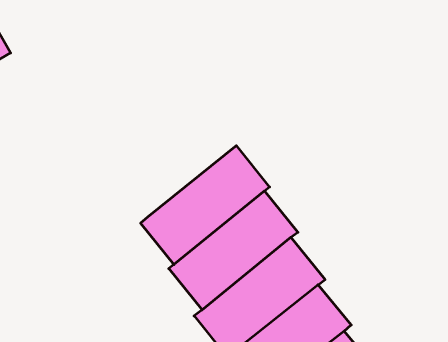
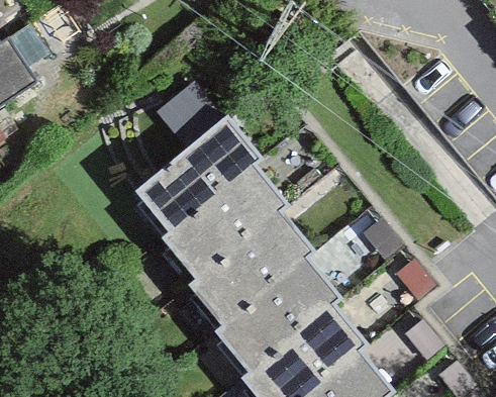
building: none -> [135,130,259,244]

